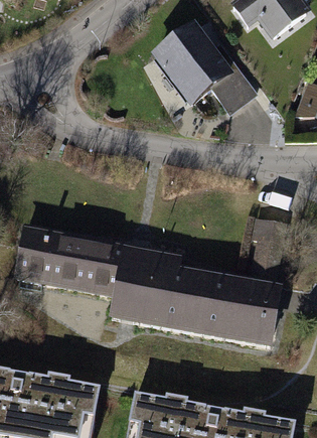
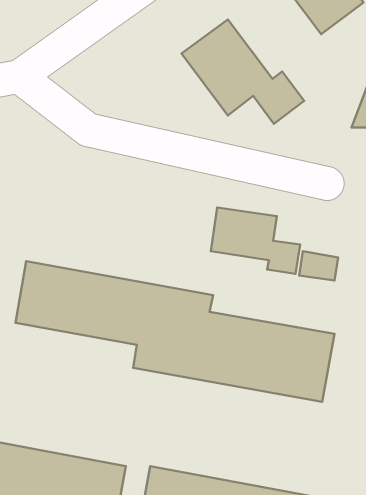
building: none -> [211,207,300,274]

